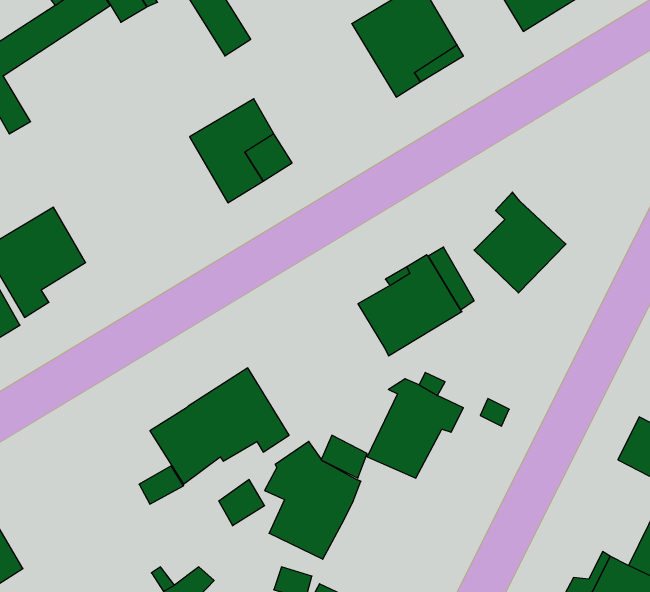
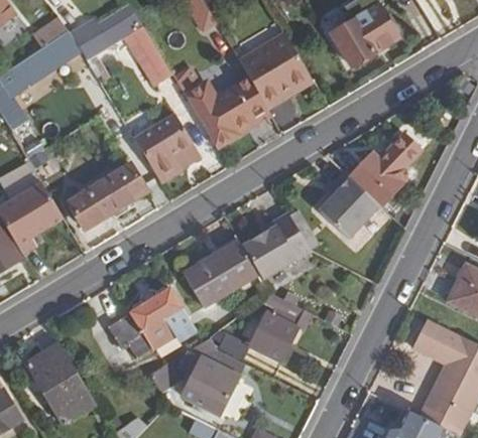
building: none -> [175,69,267,146]
building: none -> [349,134,419,205]
building: none -> [67,162,146,229]
building: none -> [184,240,260,308]
building: none -> [26,343,96,422]

